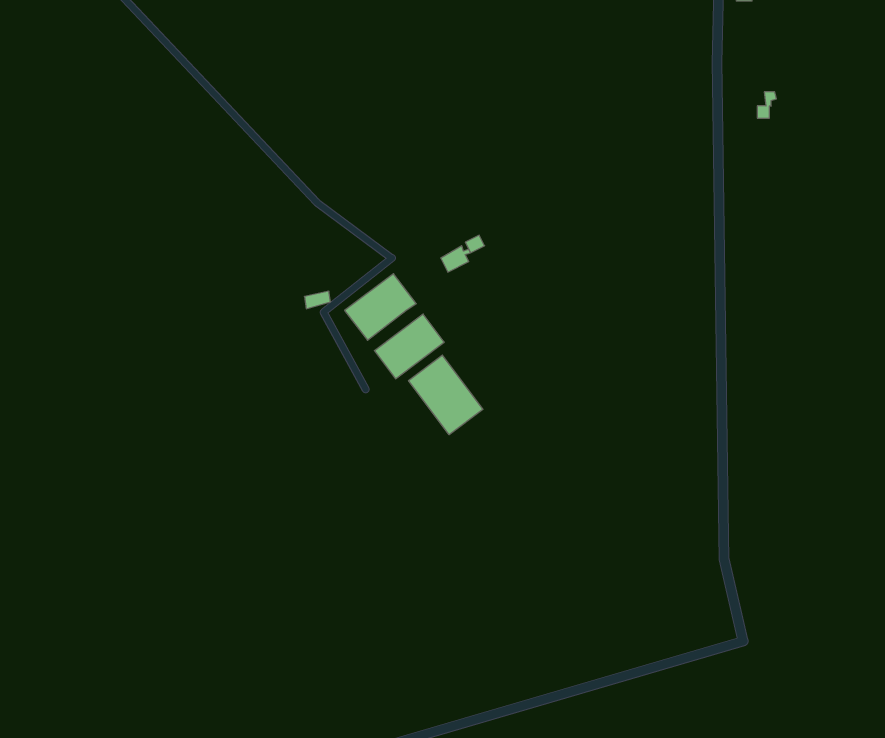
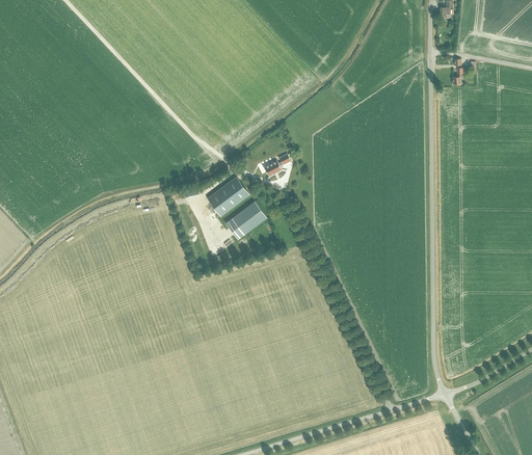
building: [409,355,483,435] -> none

